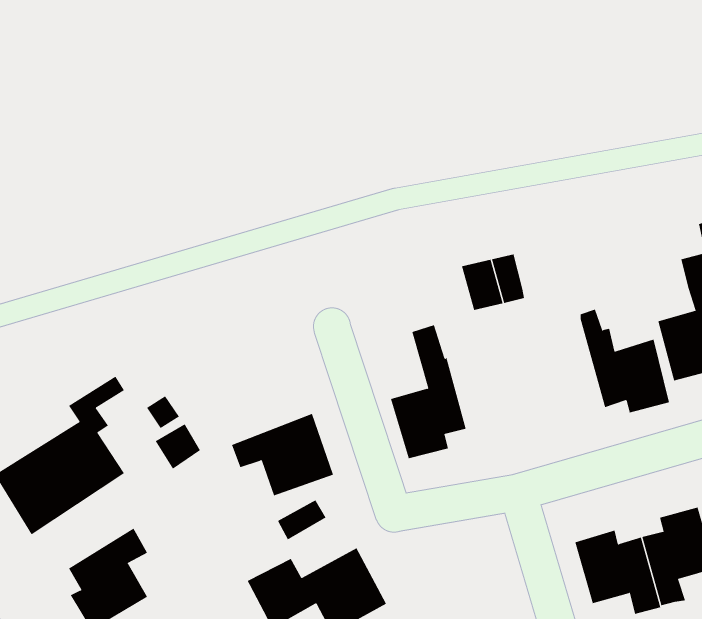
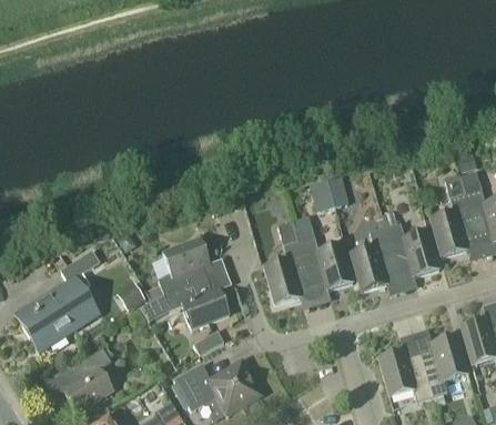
building: none -> [350,216,397,290]
building: none -> [298,235,352,290]
building: none -> [146,239,214,298]

